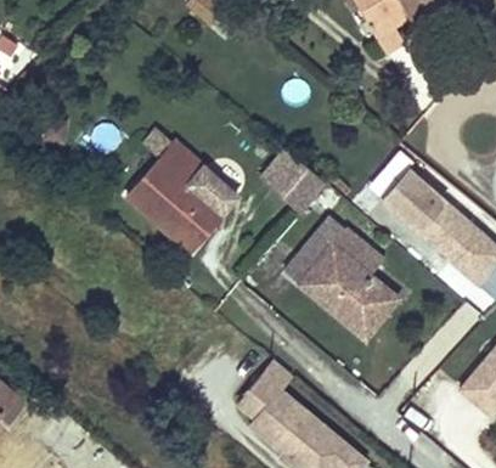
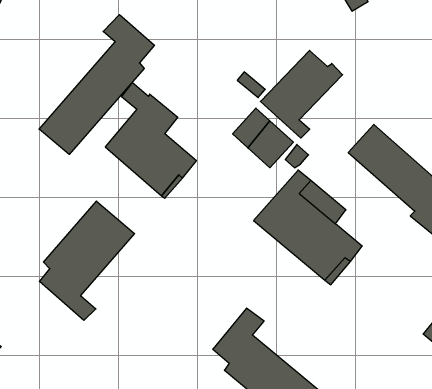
building: none -> [39,15,154,154]
building: none -> [260,50,343,138]
building: none -> [39,201,135,320]

